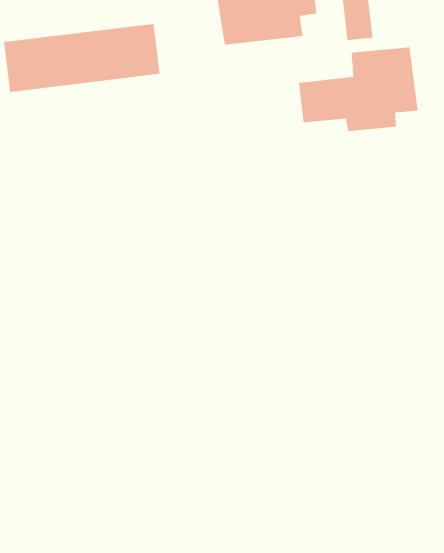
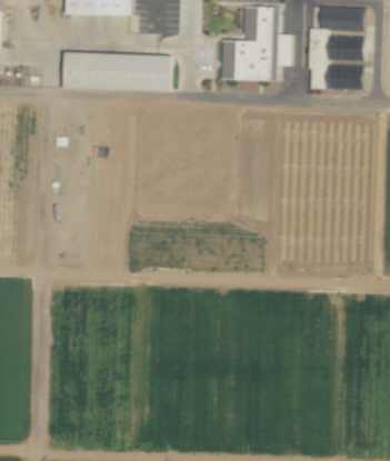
building: [298,47,419,132] -> none

